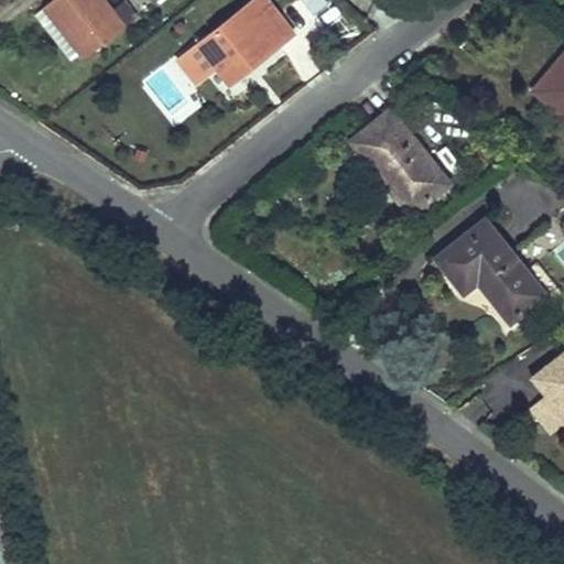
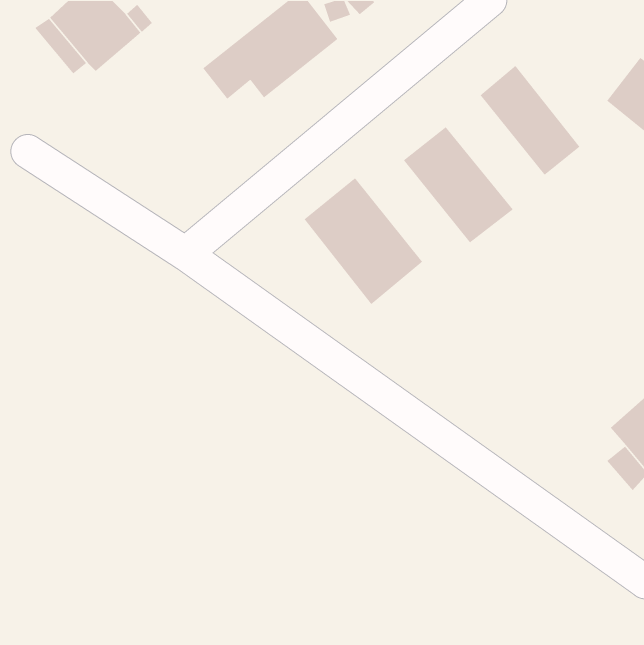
building: none -> [479,65,580,176]
building: none -> [304,177,423,305]
building: [437,218,547,319] -> none

